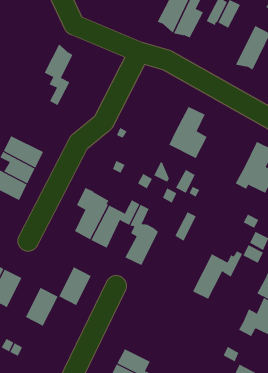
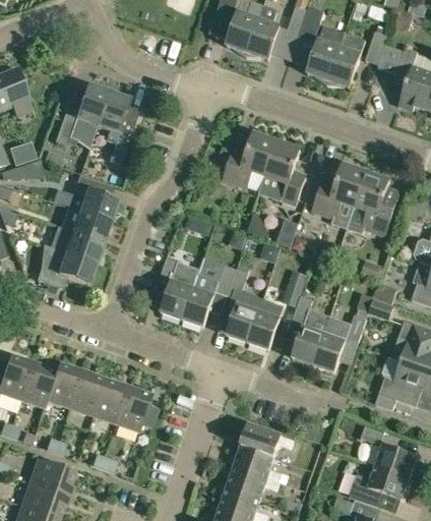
building: none -> [307,25,345,84]
building: none -> [55,84,111,149]
building: none -> [223,133,278,187]
building: none -> [68,175,118,222]
building: none -> [312,165,366,218]
building: none -> [248,300,283,350]
building: none -> [292,295,330,365]
building: [58,267,92,306] -> [93,378,129,424]
building: none -> [241,424,294,457]

